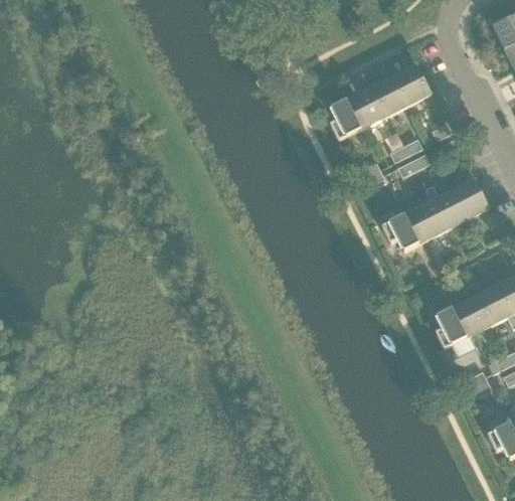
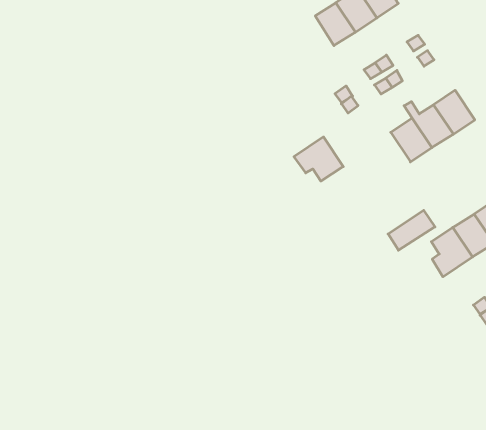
building: [330,96,367,140] -> none
building: [381,210,425,251] -> [294,137,343,181]
building: none -> [388,210,435,250]

